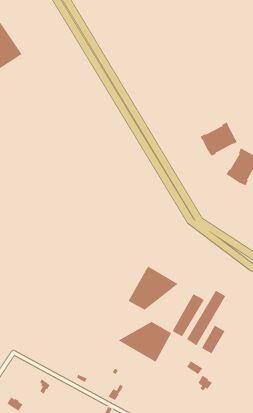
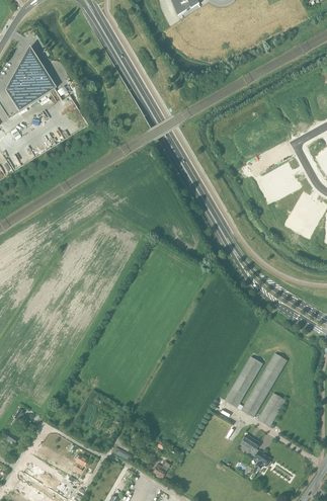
building: [128,266,179,311] -> none
building: [118,321,172,363] -> none

